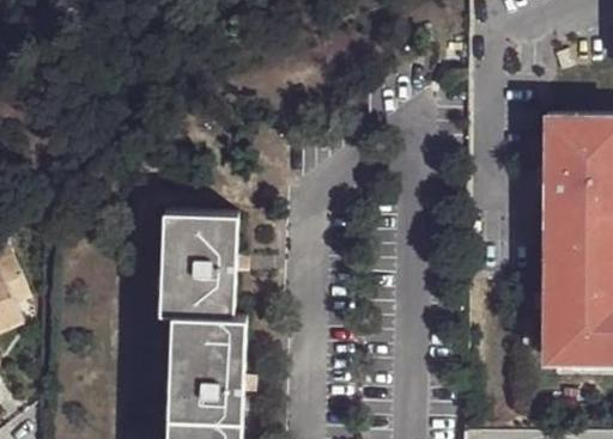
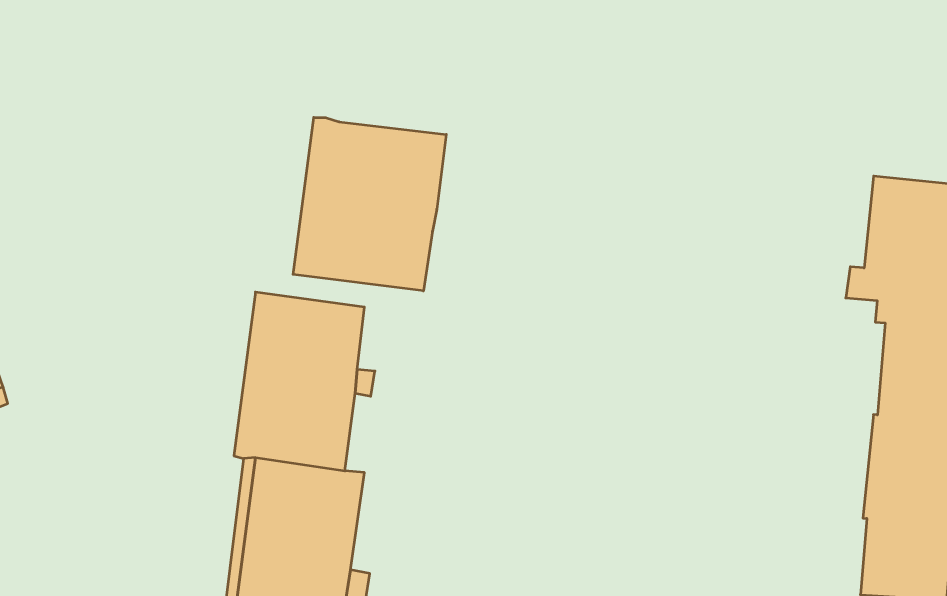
building: none -> [293,117,446,291]

